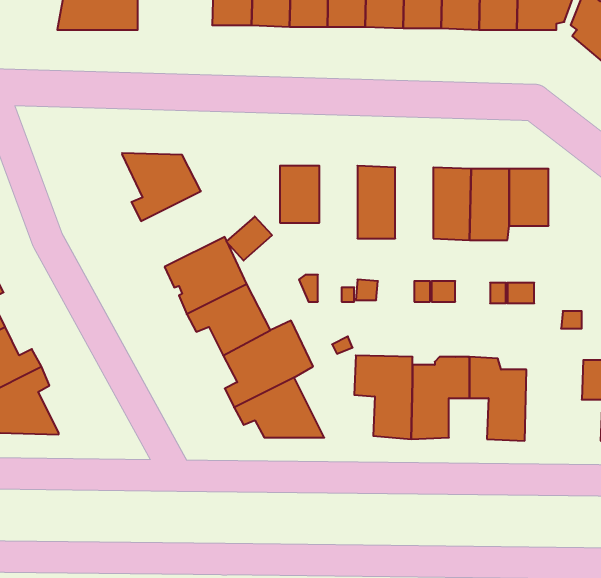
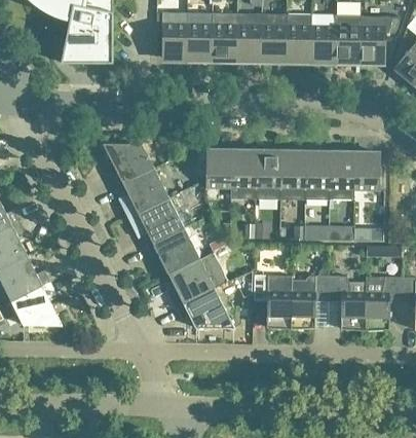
building: none -> [231,151,256,198]
building: none -> [280,152,305,198]
building: none -> [115,168,169,217]
building: none -> [365,277,403,330]

